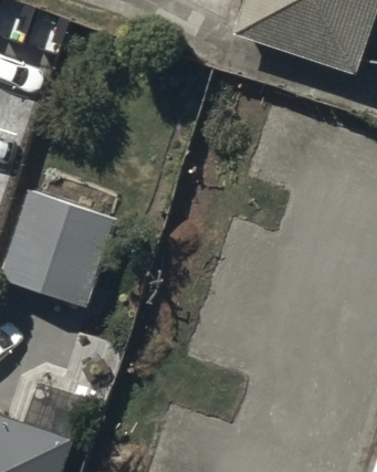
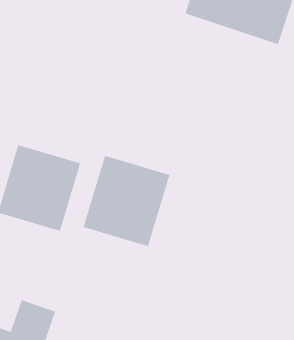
building: none -> [83,155,170,247]

